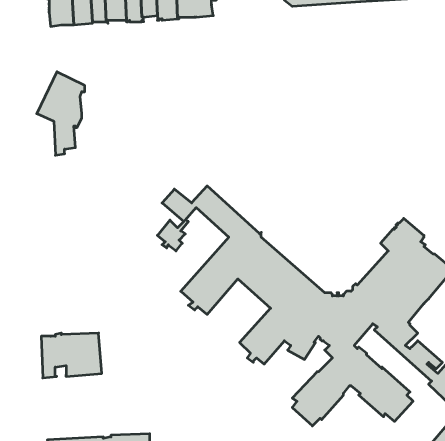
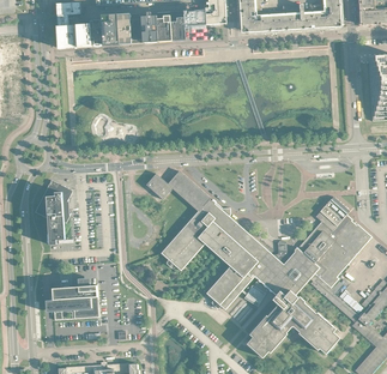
building: [37,72,85,155] -> [35,179,72,243]

